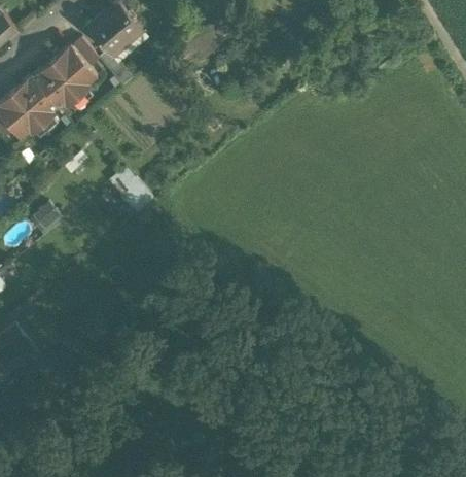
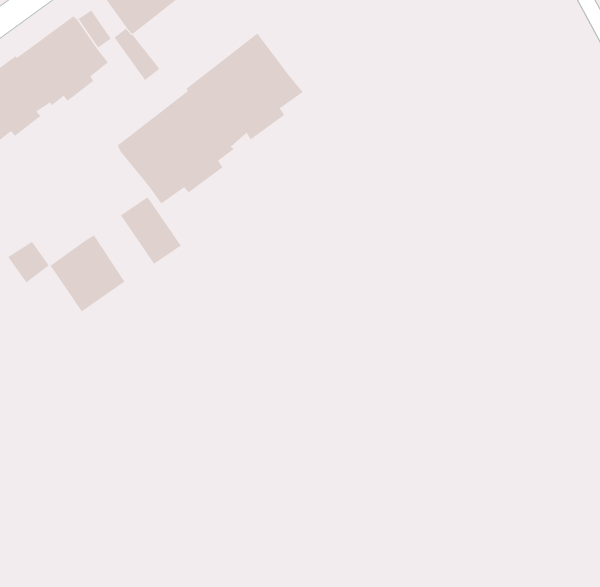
building: none -> [117,33,304,205]
building: none -> [50,235,126,312]

